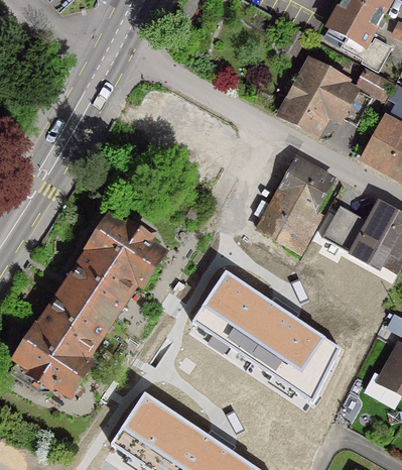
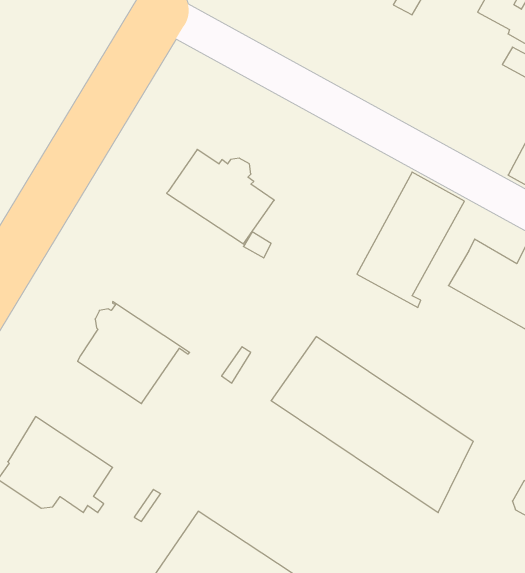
building: [279,62,369,134] -> none
building: [88,218,162,283] -> [167,149,274,244]
building: [34,289,108,363] -> none

